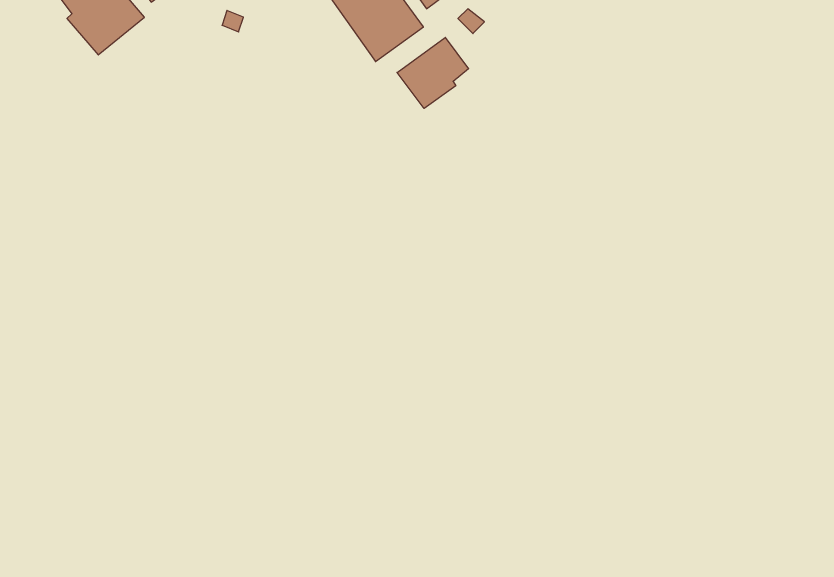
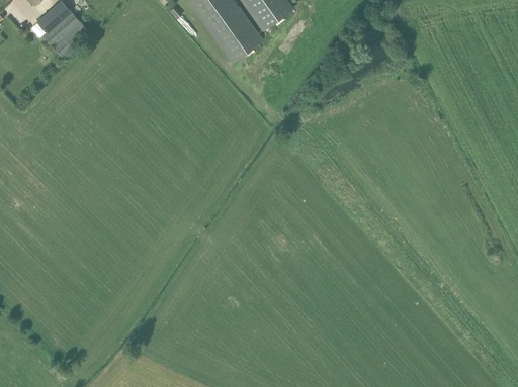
building: [397,37,469,108] -> none

